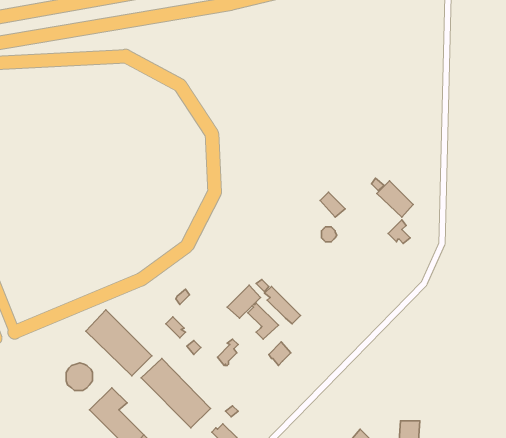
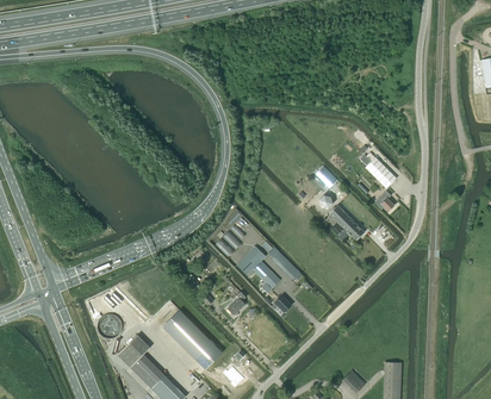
building: none -> [329,205,365,241]
building: [86,310,152,376] -> none

